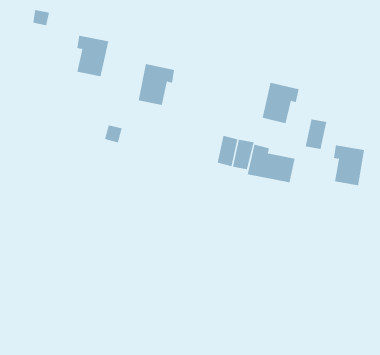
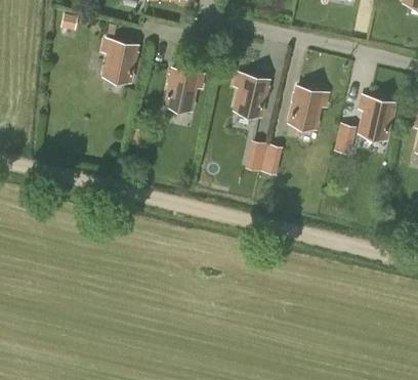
building: none -> [231,74,268,115]
building: [247,144,295,183] -> none
building: [333,145,365,186] -> [363,97,394,138]

